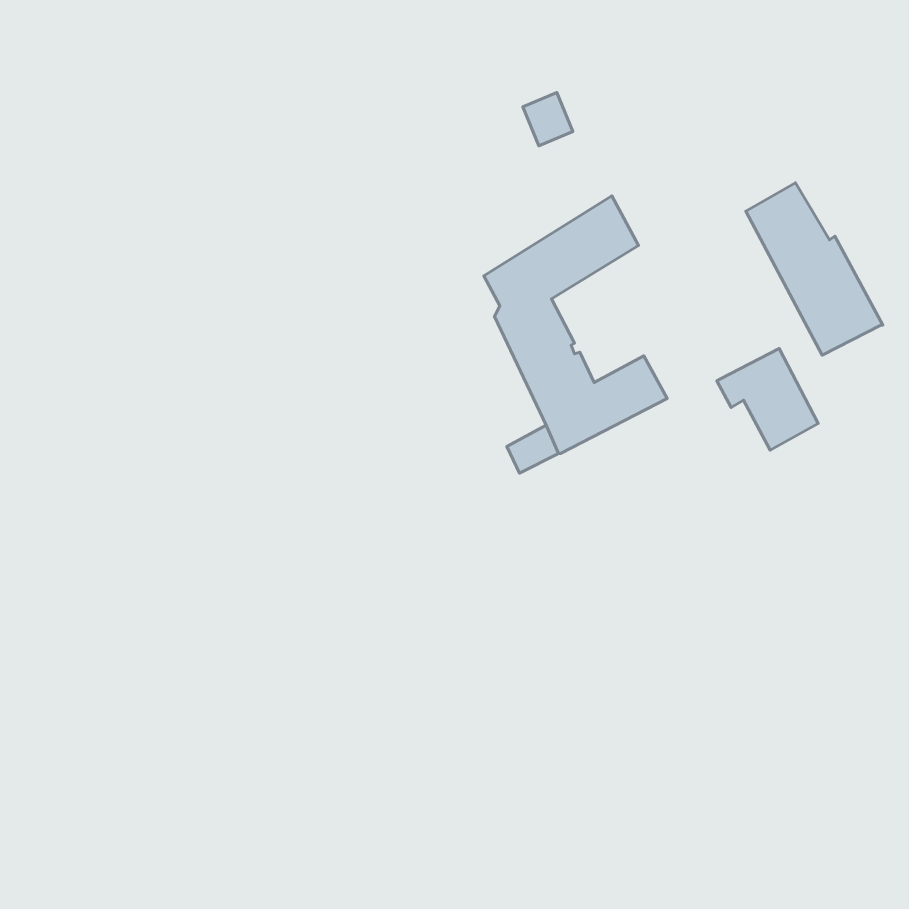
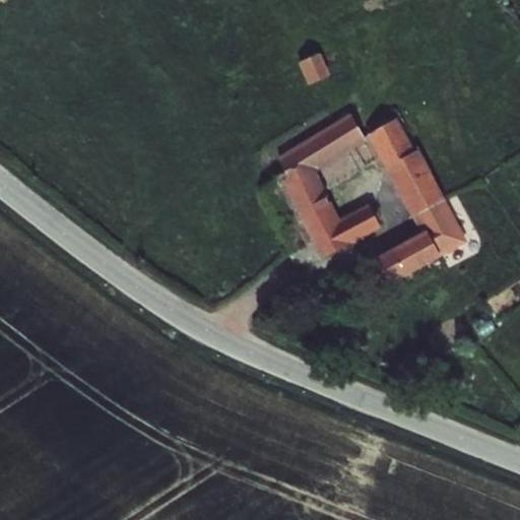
building: [746,183,883,355] -> [368,118,446,216]
building: none -> [374,229,440,284]

